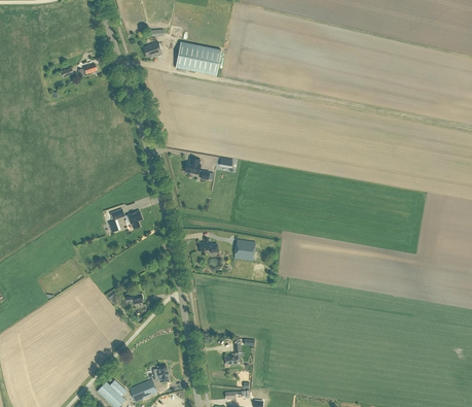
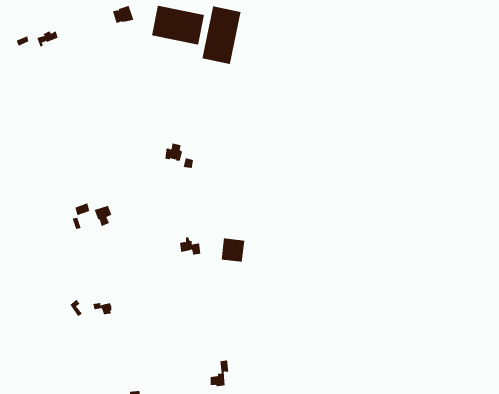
building: none -> [202,5,241,65]

